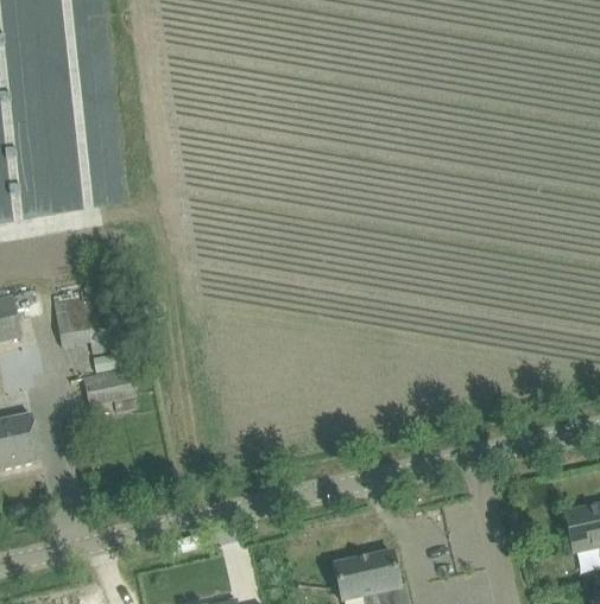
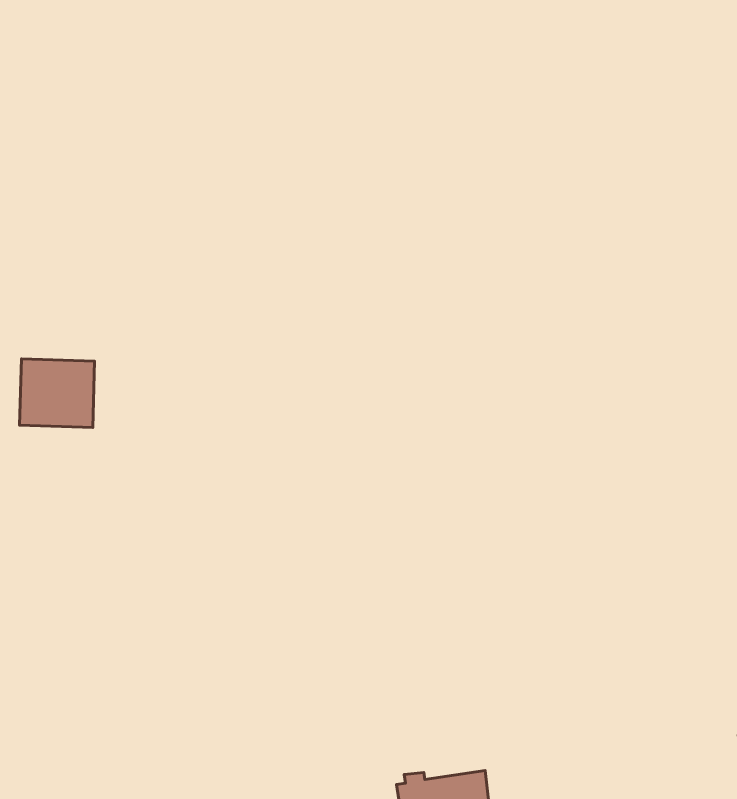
building: [82,369,134,406] -> none

